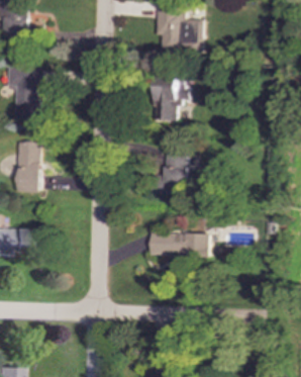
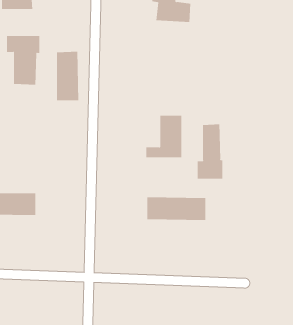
building: [155,75,190,121] -> none
building: [18,142,41,192] -> [56,51,79,101]
building: none -> [197,123,223,180]

